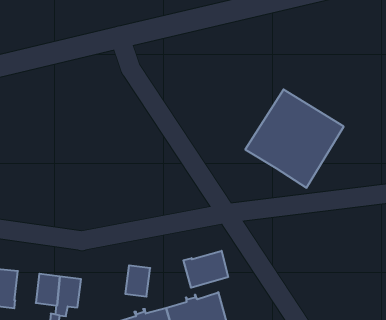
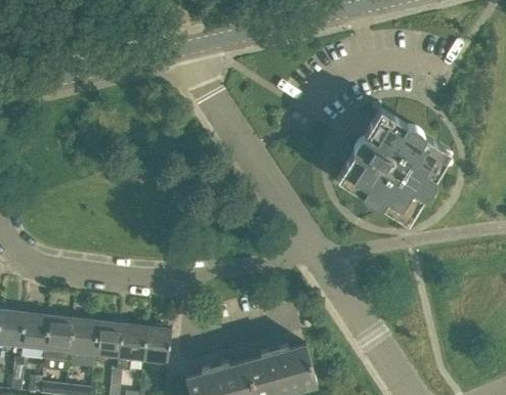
building: [183,251,228,288] -> none
building: [125,265,150,297] -> [142,327,171,363]
building: none -> [70,318,98,355]

